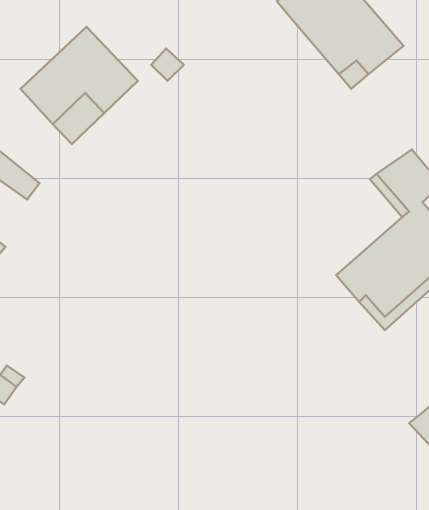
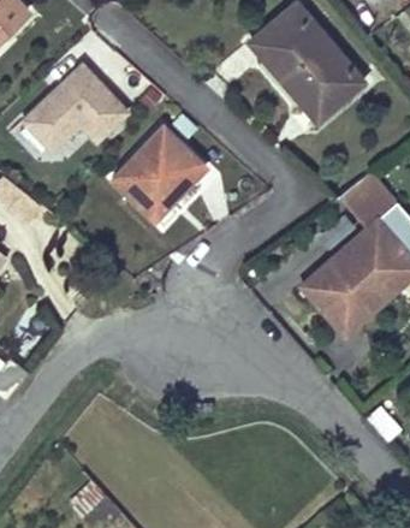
building: none -> [114,127,206,218]

